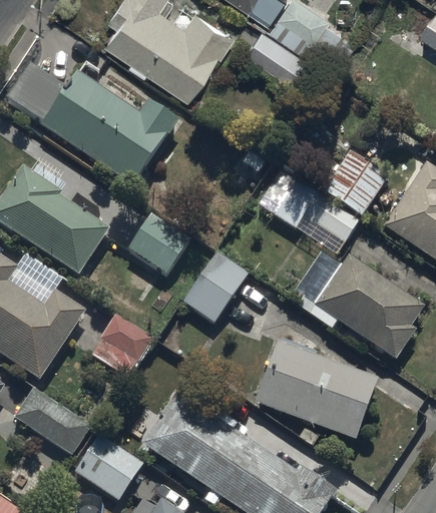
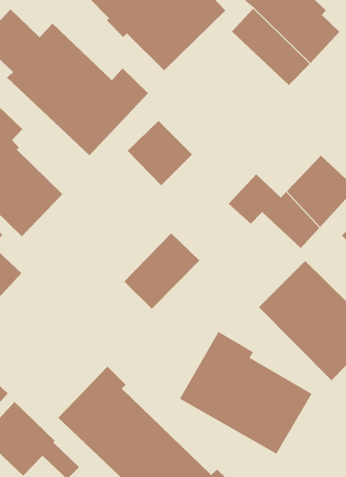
building: [128,211,191,274] -> [127,120,193,186]
building: [90,312,153,377] -> none

